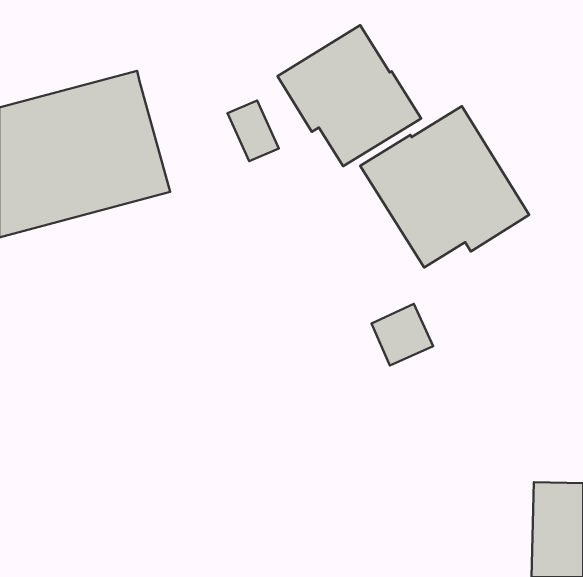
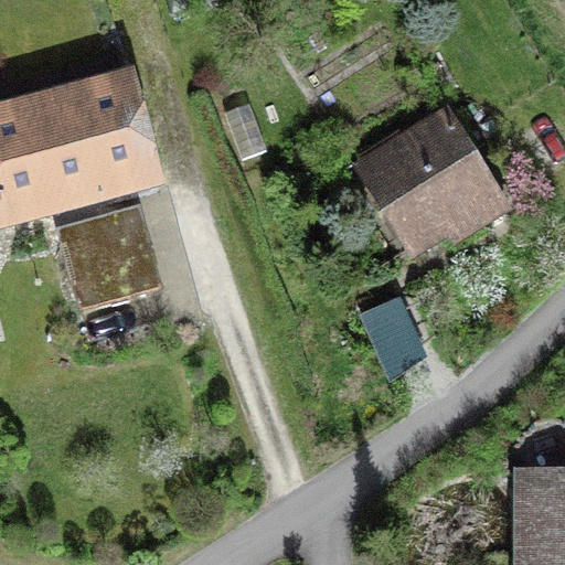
building: [278,25,421,166] -> none
building: none -> [60,204,163,307]

